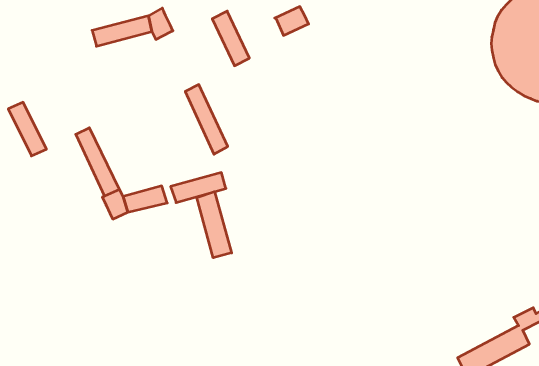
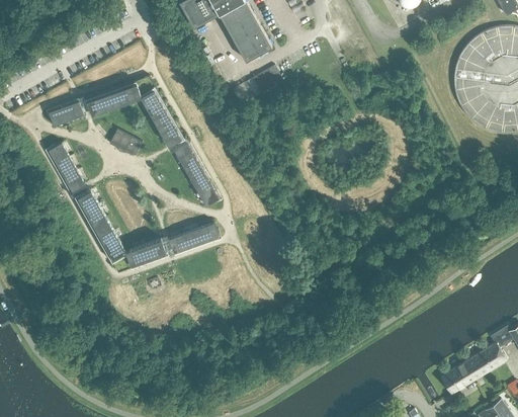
building: [212,11,249,66] -> [145,97,181,147]
building: none -> [49,101,83,126]
building: none -> [110,130,139,154]
building: [8,102,46,156] -> [48,143,85,191]
building: [197,192,232,258] -> none

